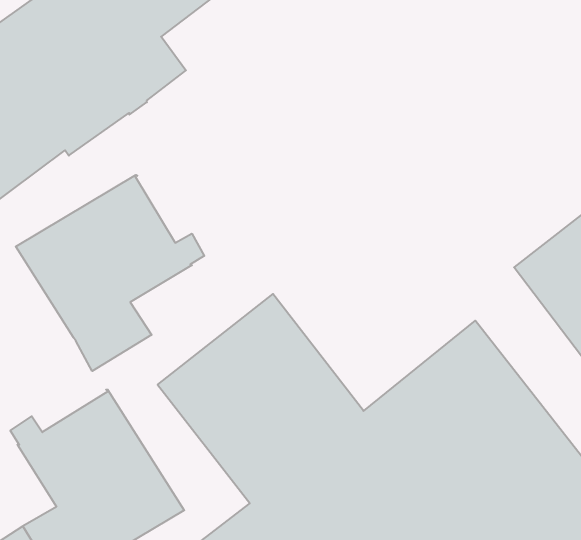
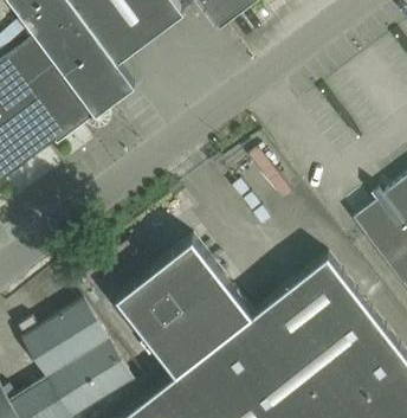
building: [16,175,204,371] -> none

